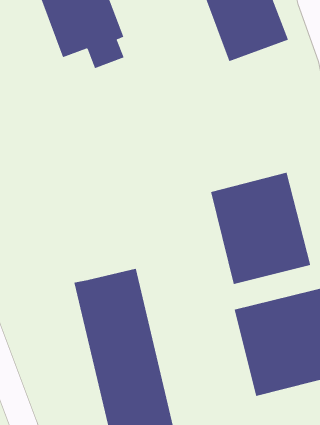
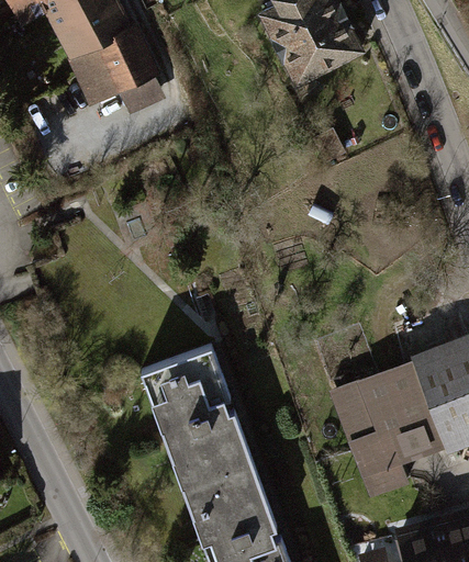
building: [211,172,311,285] -> none

